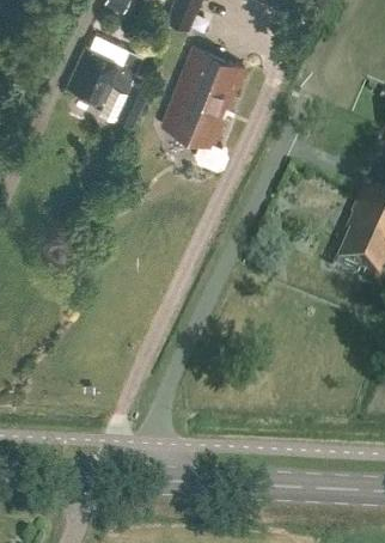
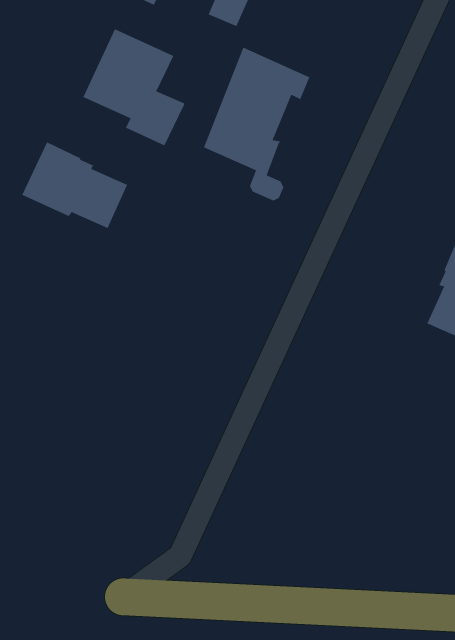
building: none -> [22,141,128,229]

